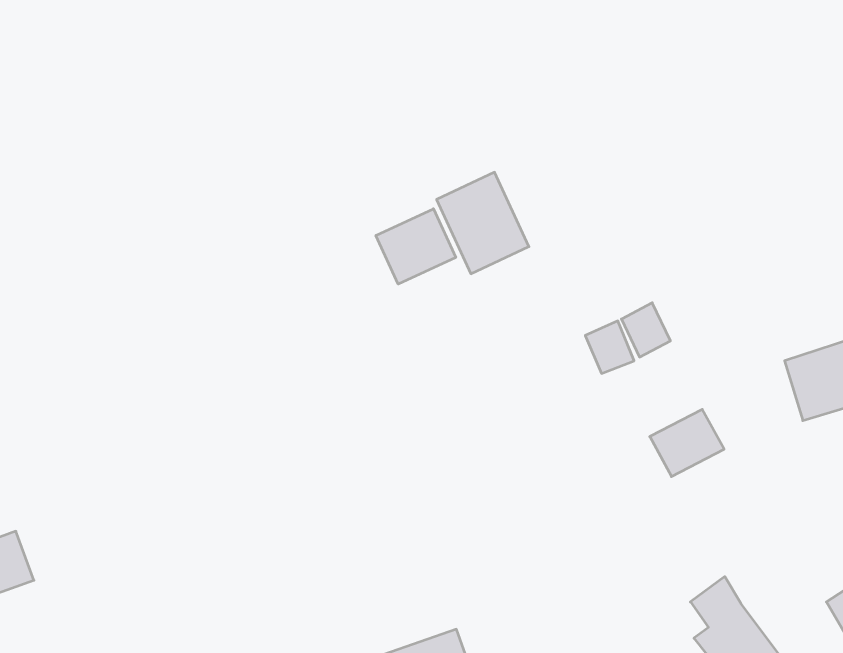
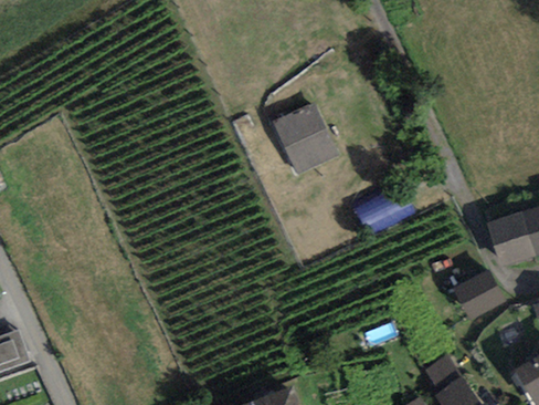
building: [376,209,456,284] -> none
building: [650,409,724,477] -> [453,274,498,315]

